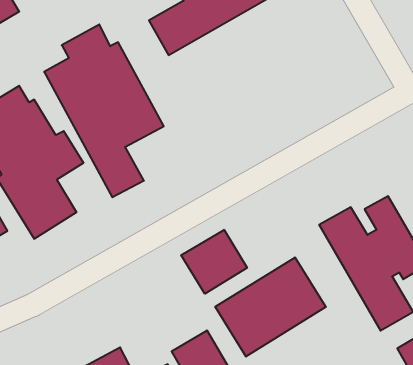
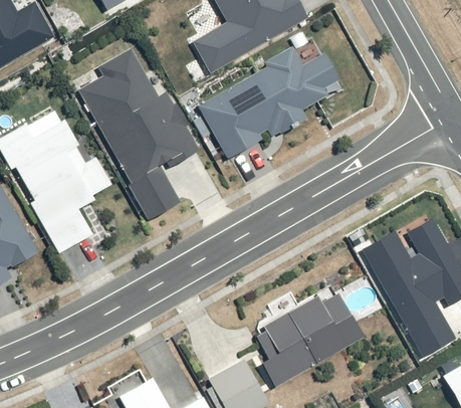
building: none -> [195,49,345,161]
building: [181,230,247,294] -> none

